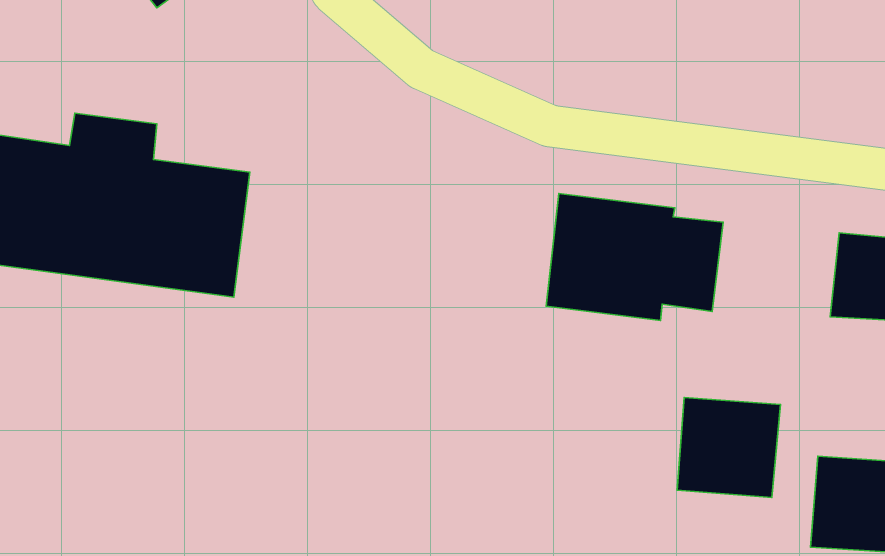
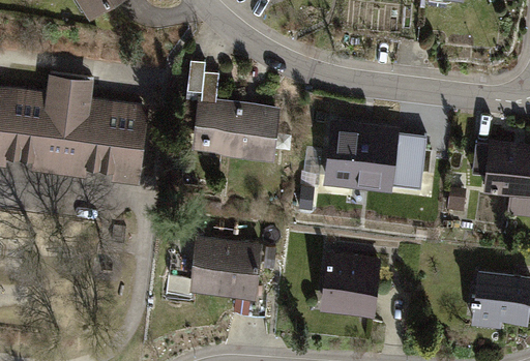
building: none -> [188,62,282,155]
building: none -> [192,236,265,295]
building: [677,397,781,497] -> [322,258,382,315]

